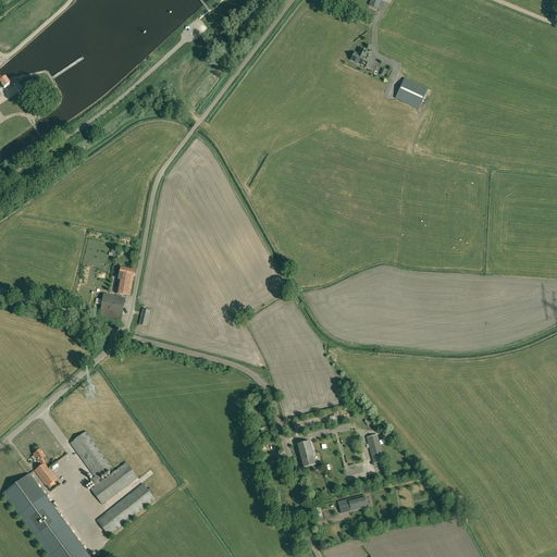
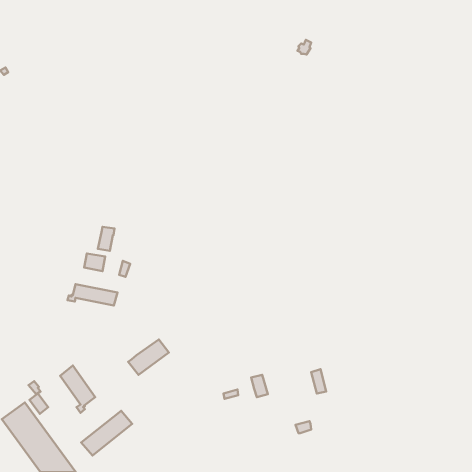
building: [395,77,428,108] -> none
building: none -> [67,284,117,306]
building: [90,462,138,504] -> [128,340,169,375]

